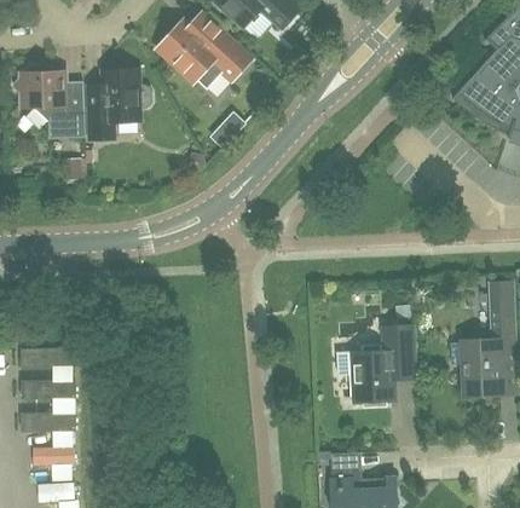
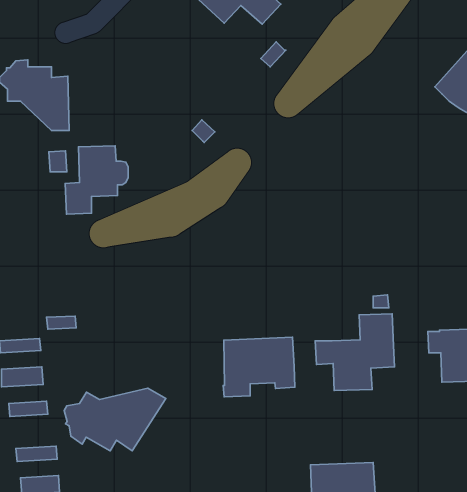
building: [156,18,252,80] -> none
building: [87,68,151,138] -> [65,146,128,214]
building: none -> [223,337,295,397]
building: none -> [64,388,166,451]

